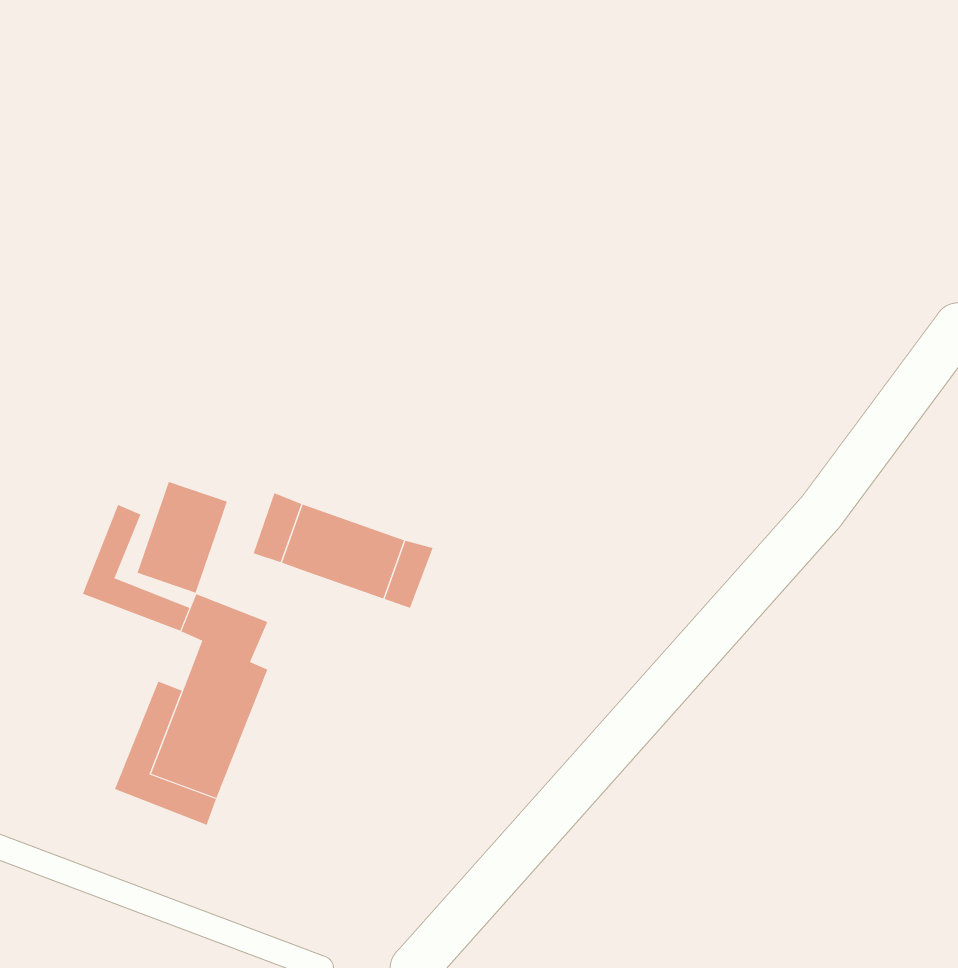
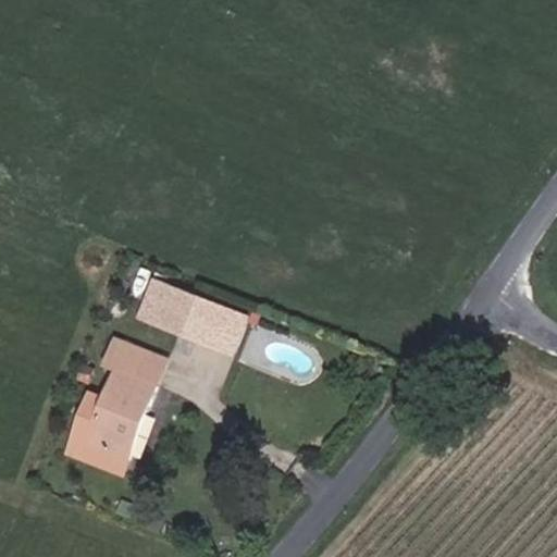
building: [137,481,227,593] -> none
building: [82,504,190,631] -> none

